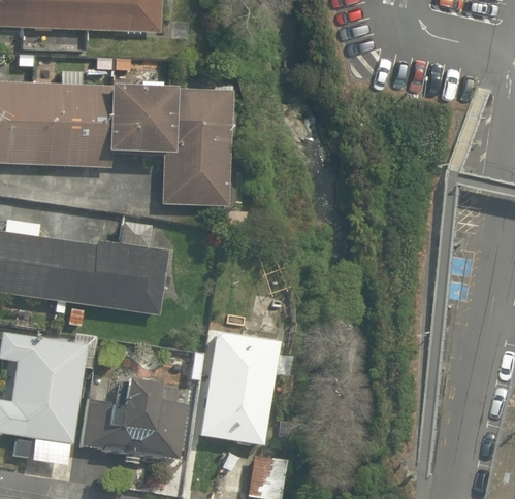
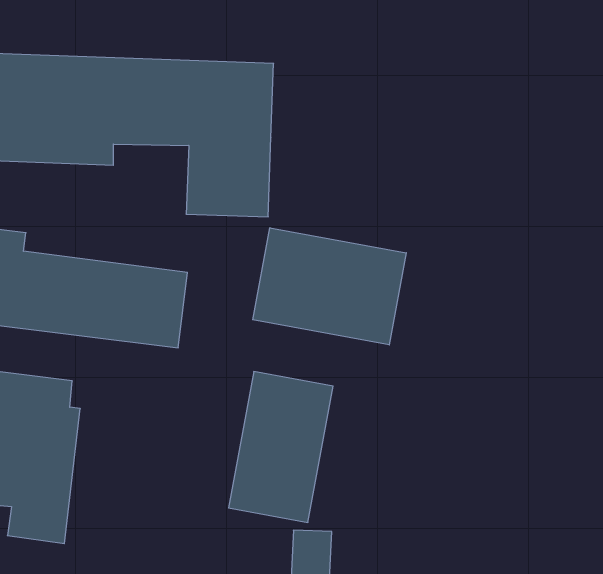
building: none -> [253,228,406,345]
building: [84,370,190,459] -> none

